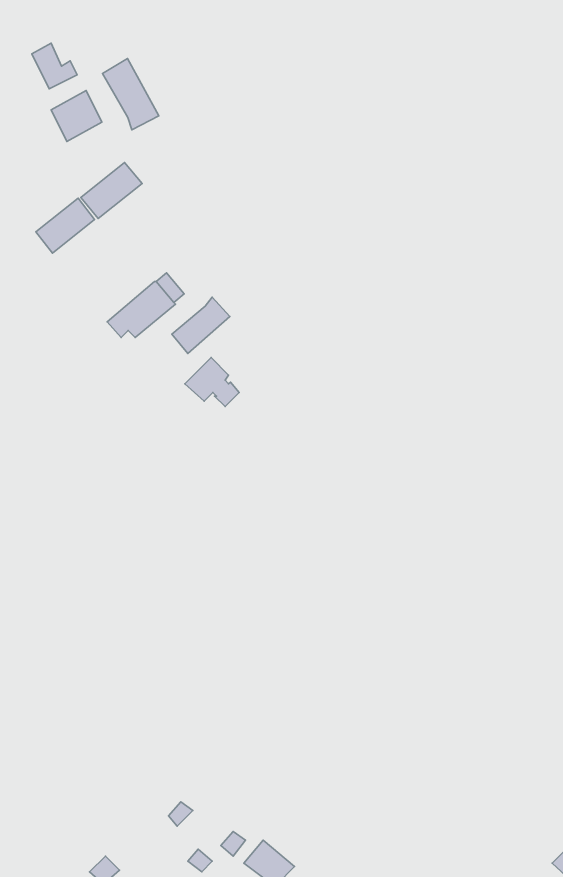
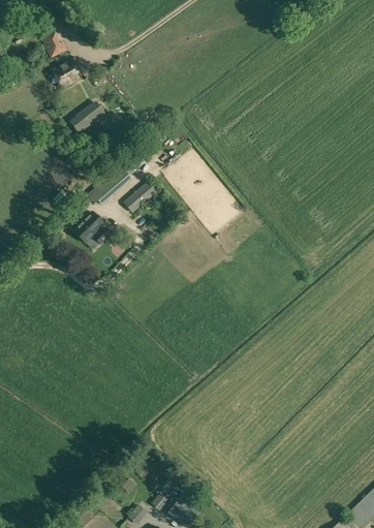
building: [102,59,159,130] -> none
building: [36,198,95,253] -> none
building: [185,358,239,407] -> [77,213,110,242]

